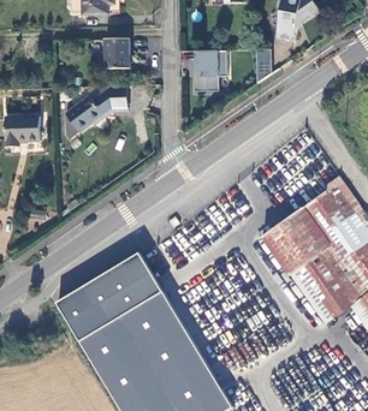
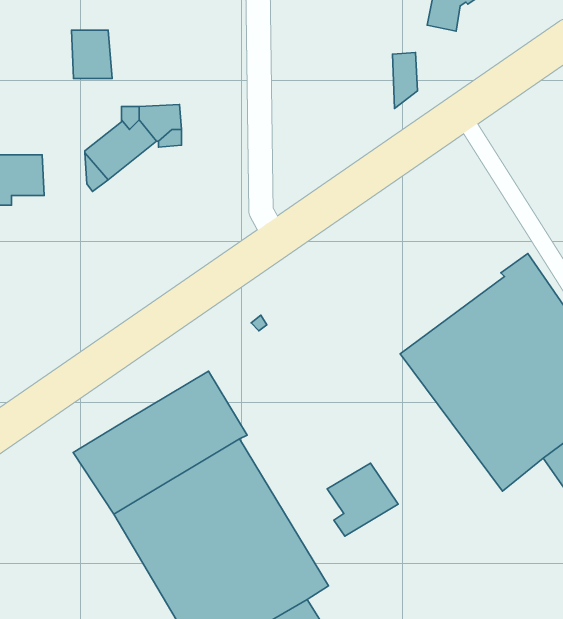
building: [103,37,129,67] -> [72,30,112,79]
building: [197,49,230,91] -> none
building: none -> [327,463,398,536]

